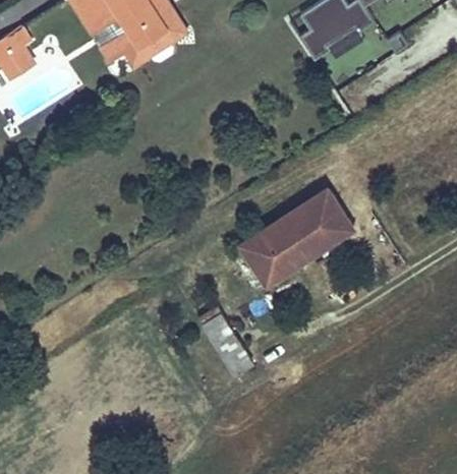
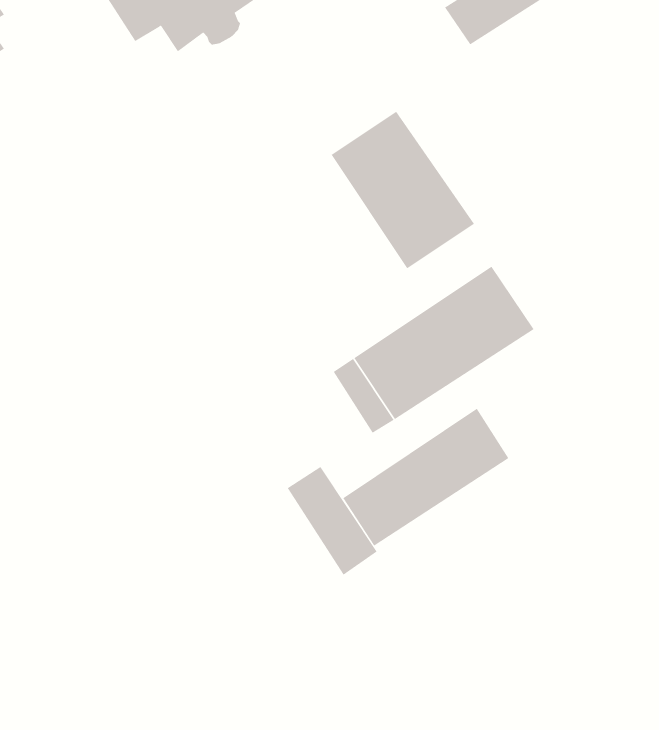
building: none -> [331,111,475,269]
building: none -> [342,408,509,547]

